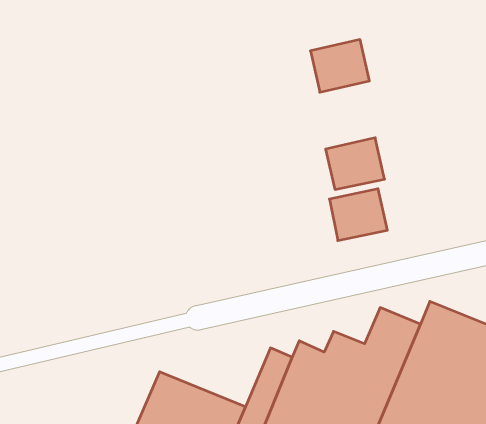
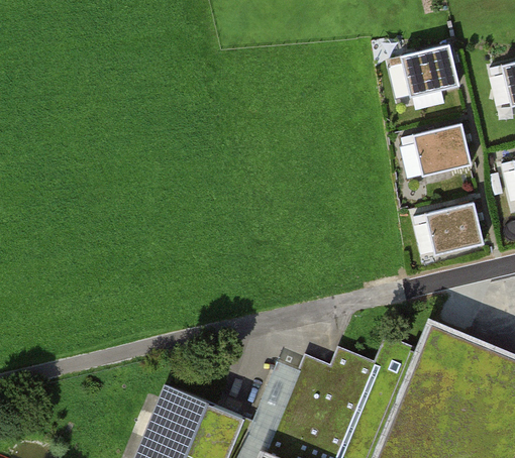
building: [310,40,369,92] -> [398,45,455,97]
building: [326,138,385,189] -> [411,125,469,176]
building: [329,189,387,241] -> [423,204,480,254]

